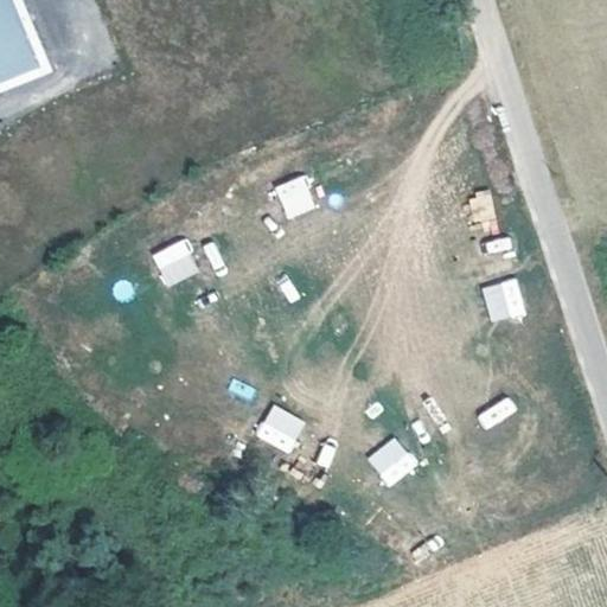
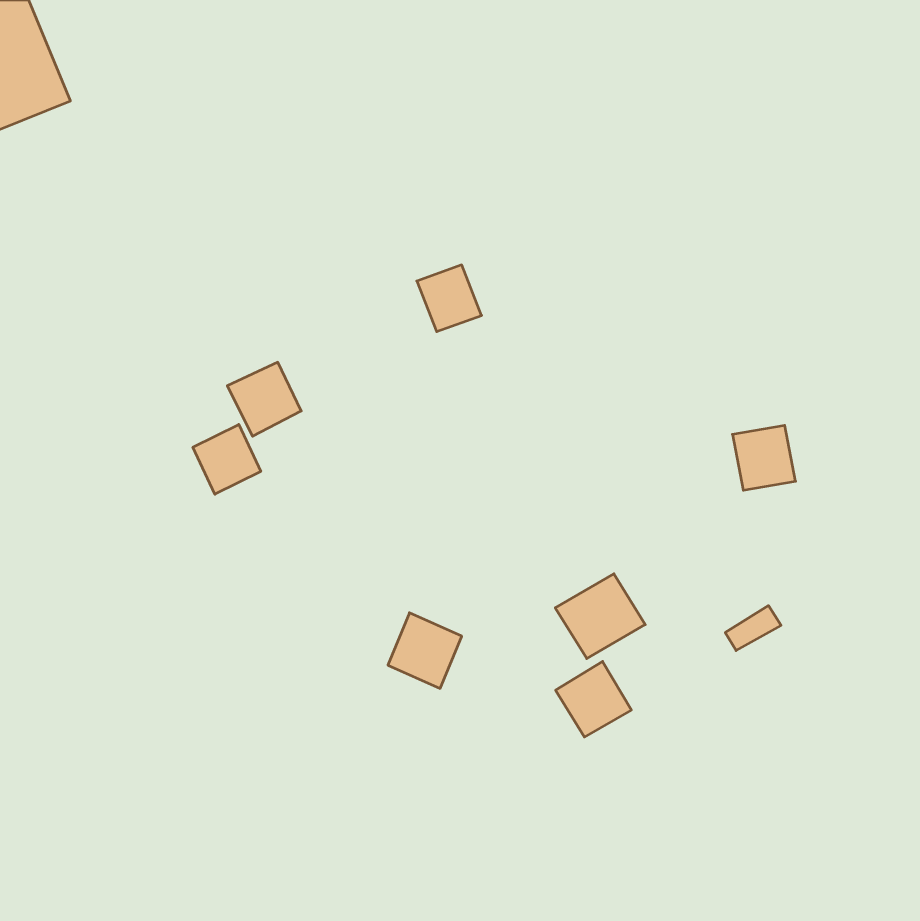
building: none -> [193,424,261,494]
building: none -> [555,574,645,659]

